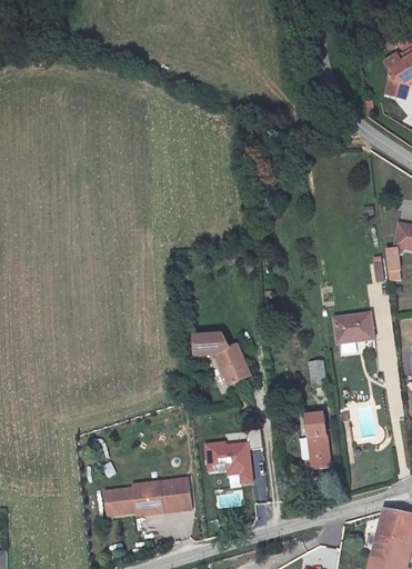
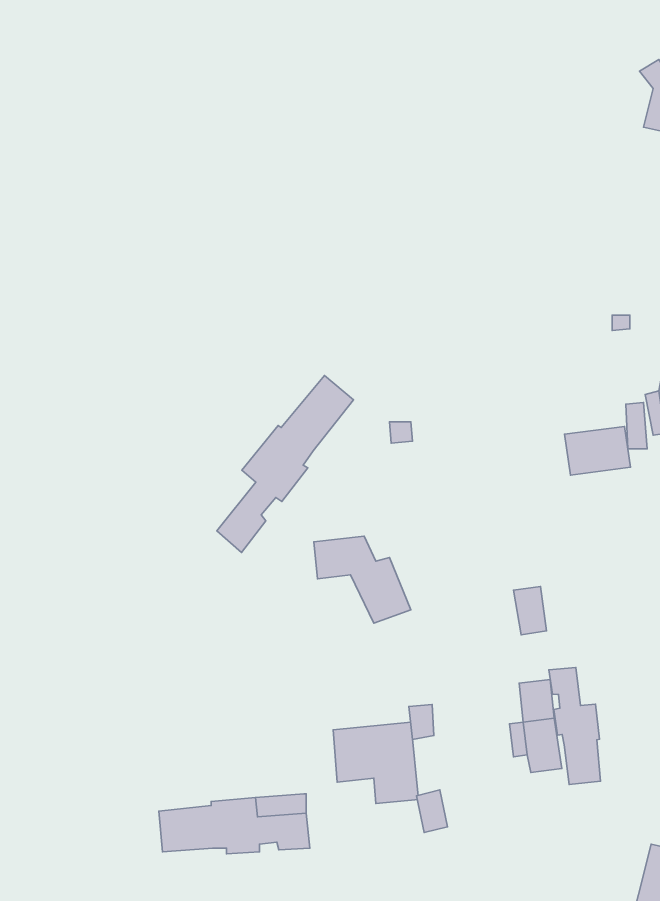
building: none -> [217,376,354,552]
building: [339,313,376,341] -> [565,427,630,475]
building: none -> [549,667,600,785]

